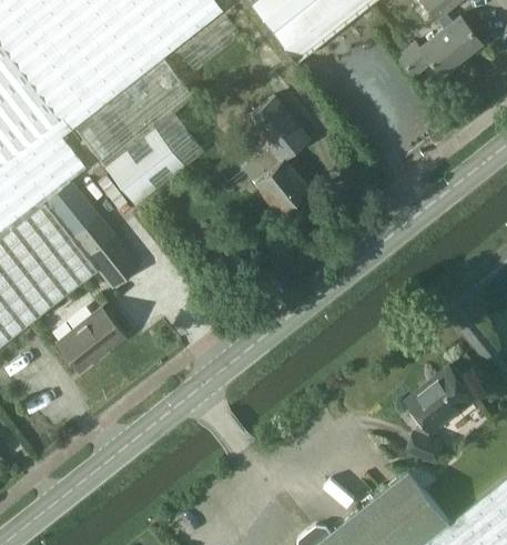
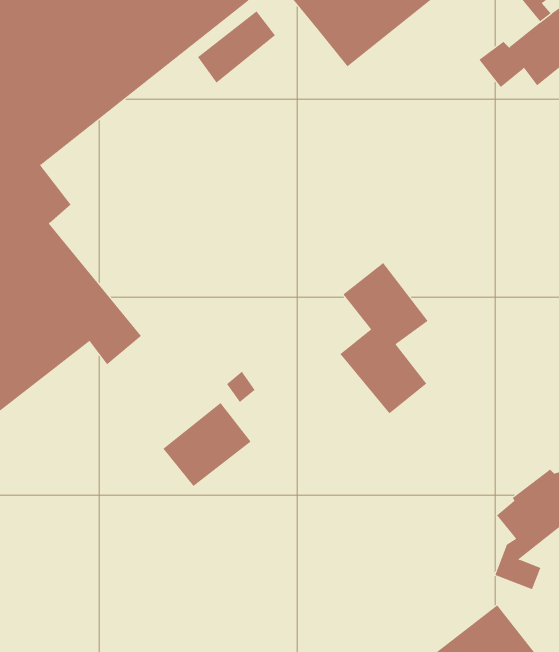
building: [74,59,204,206] -> none
building: [241,95,308,211] -> [340,262,429,414]
building: [55,306,123,371] -> [163,402,252,487]

